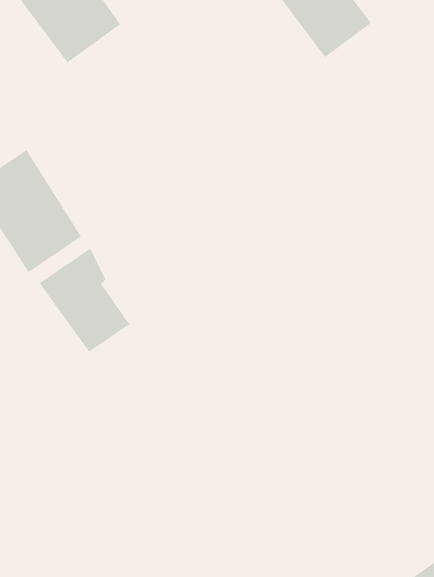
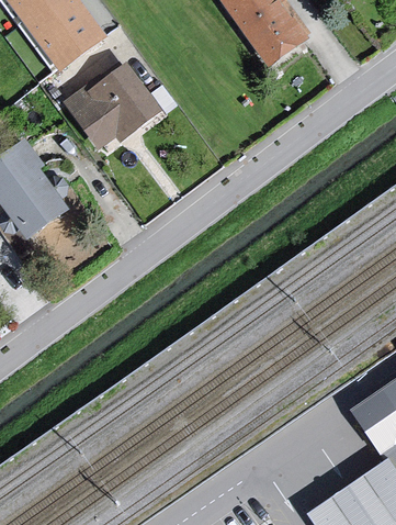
building: none -> [66,56,163,148]
building: [39,248,130,352] -> none

